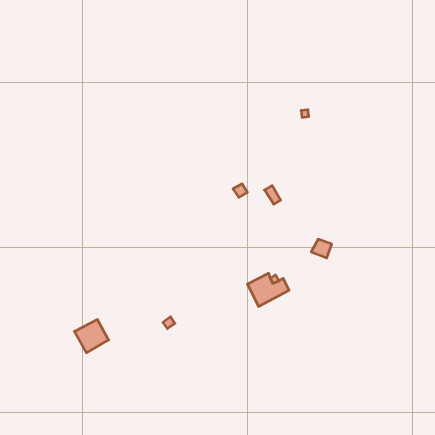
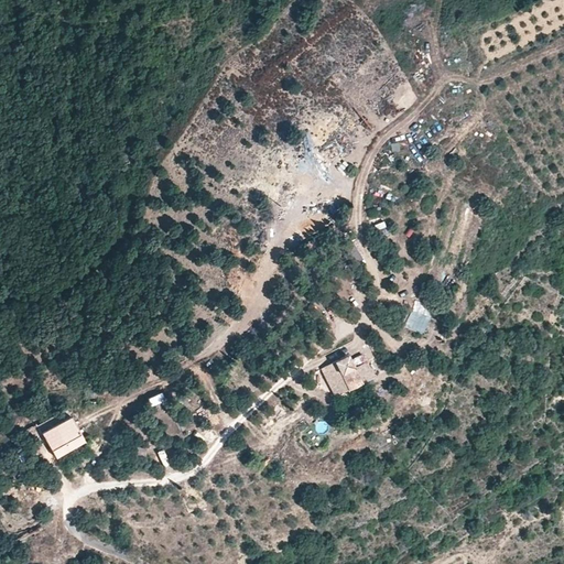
building: [74,320,109,353] -> [42,417,86,460]

